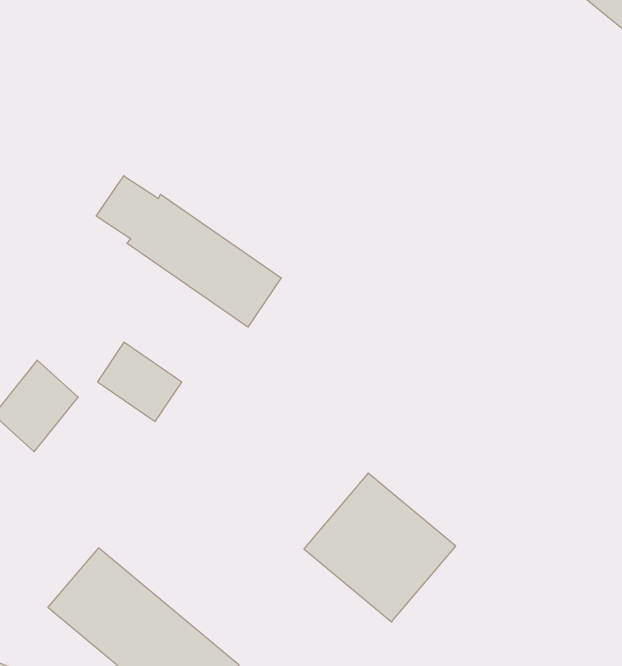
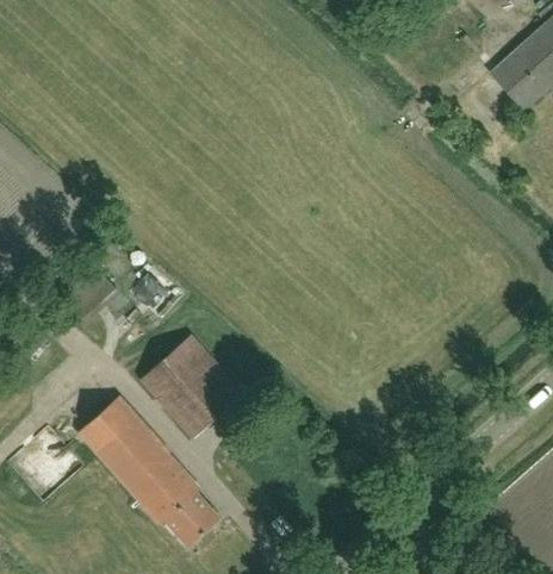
building: [96,176,281,327] -> none
building: [304,473,456,622] -> [139,337,241,438]

